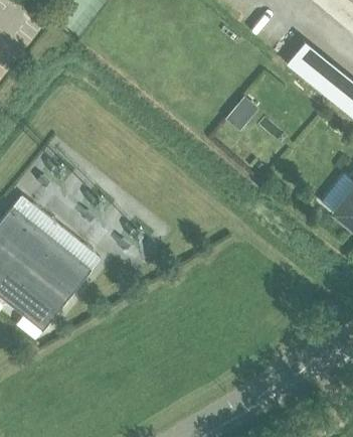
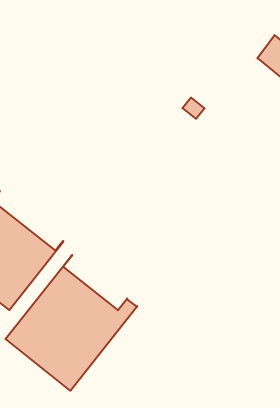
building: none -> [5,255,137,391]

